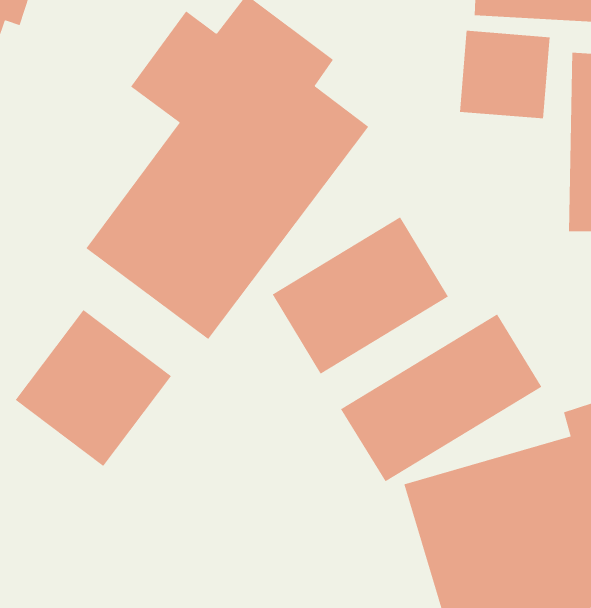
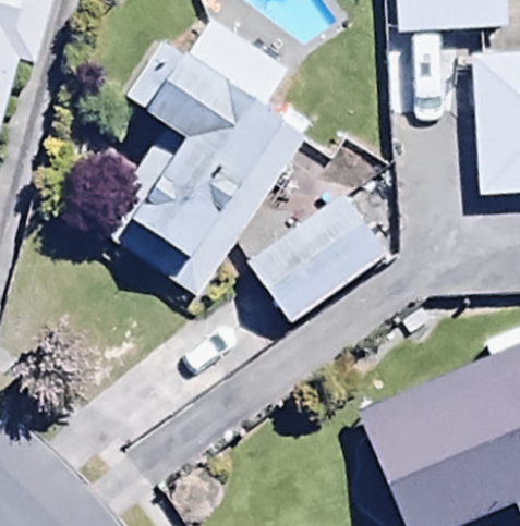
building: [15,309,172,467] -> none
building: [340,314,542,482] -> none

